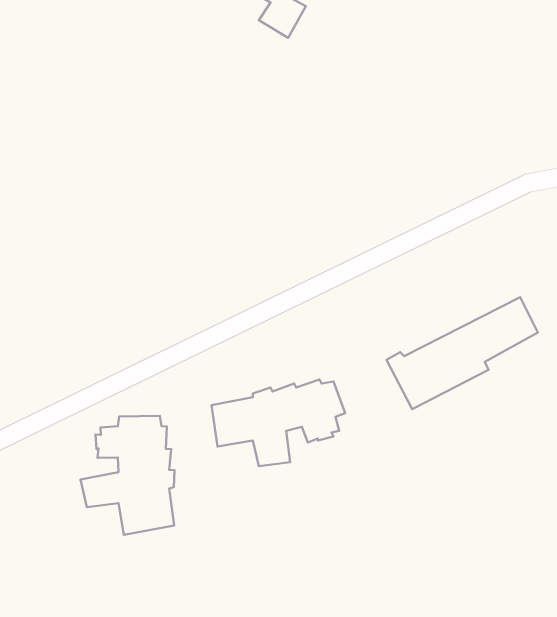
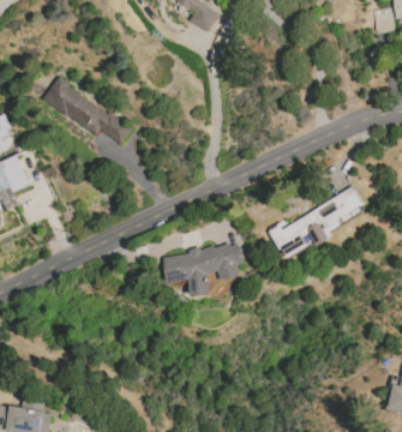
building: none -> [41,72,134,144]
building: [81,416,175,535] -> none

